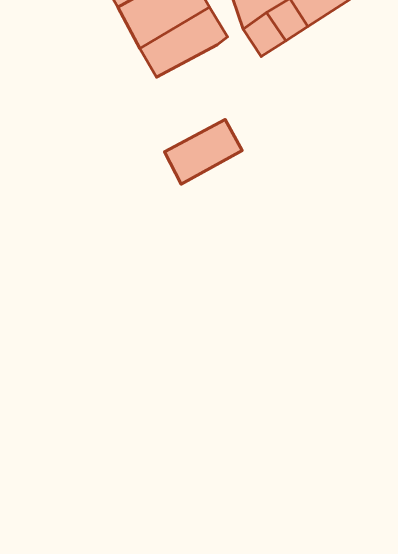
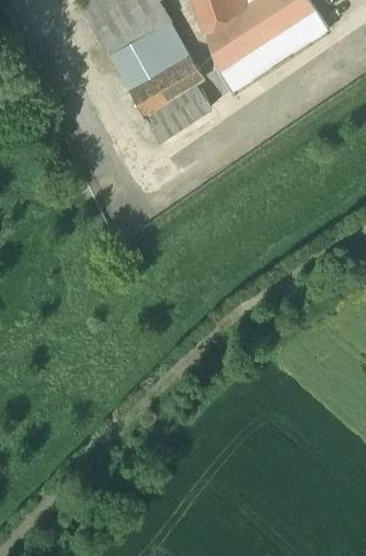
building: [164,120,242,184] -> [140,80,206,135]

